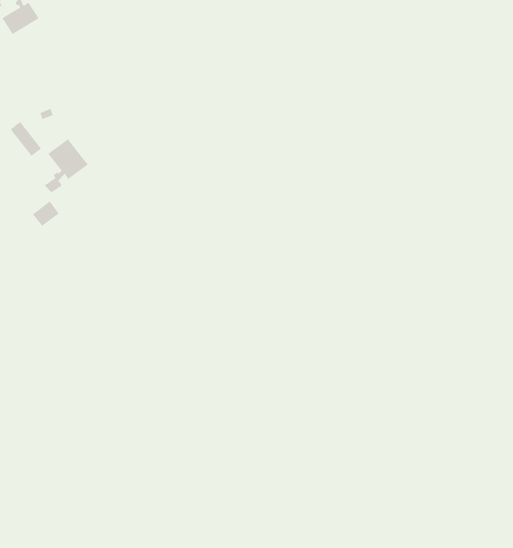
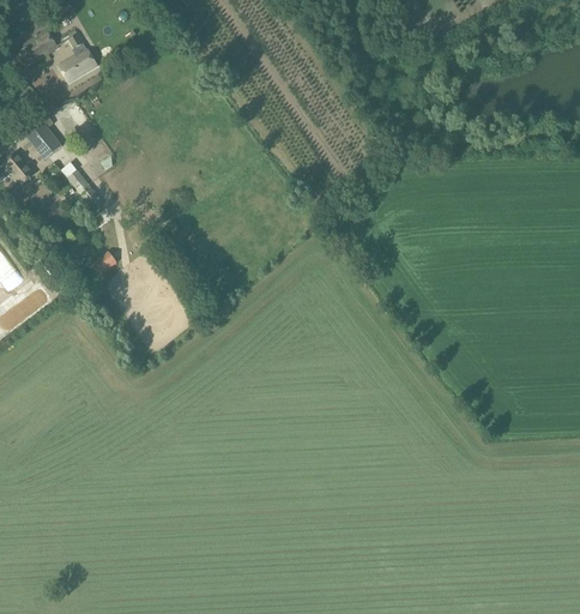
building: [44,138,88,193] -> none

